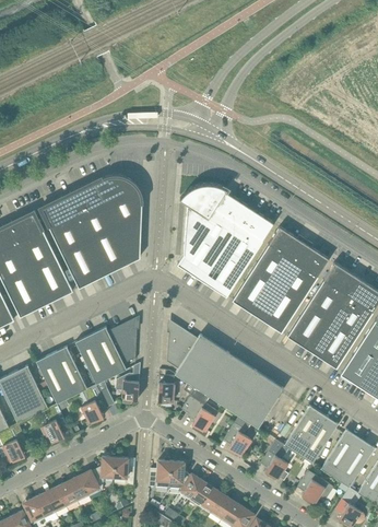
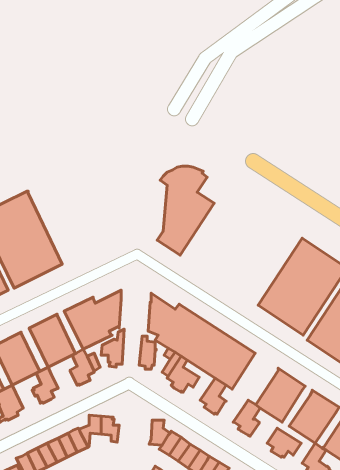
building: [39,175,143,288] -> none
building: [201,196,273,296] -> none
building: [232,226,329,332] -> none
building: [149,460,170,488] -> none

